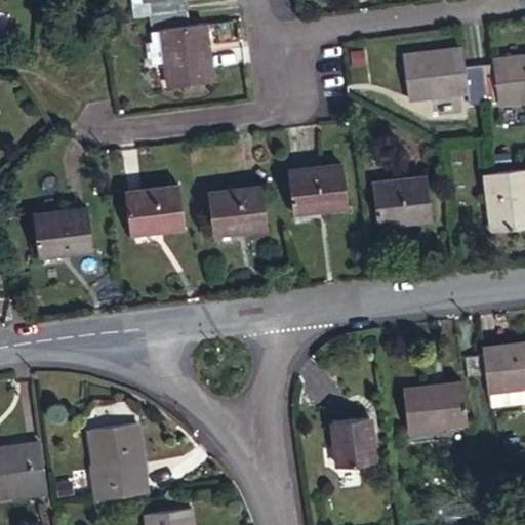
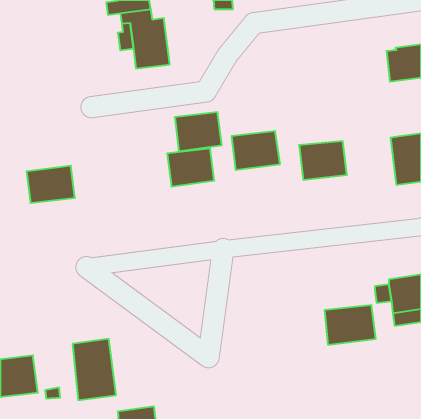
building: [405,50,485,106] -> none
building: [126,187,185,235] -> [175,112,222,151]
building: [333,419,373,467] -> none

